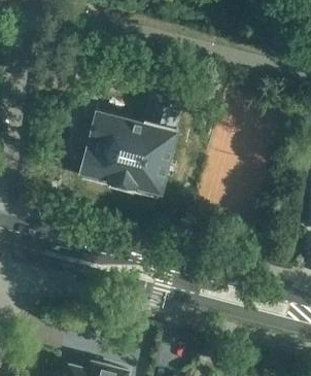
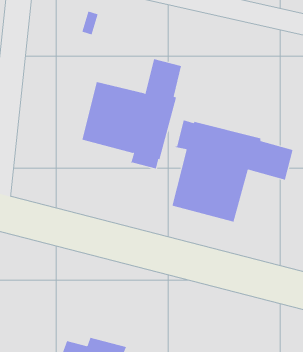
building: none -> [172,119,293,223]

